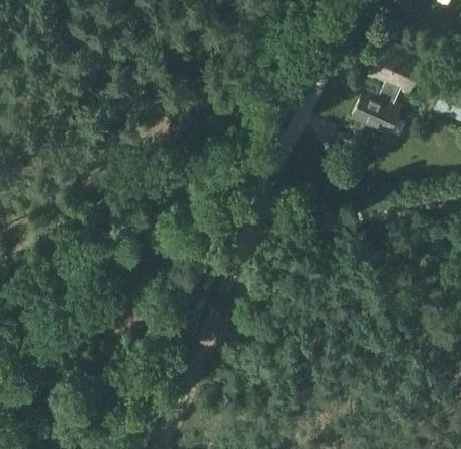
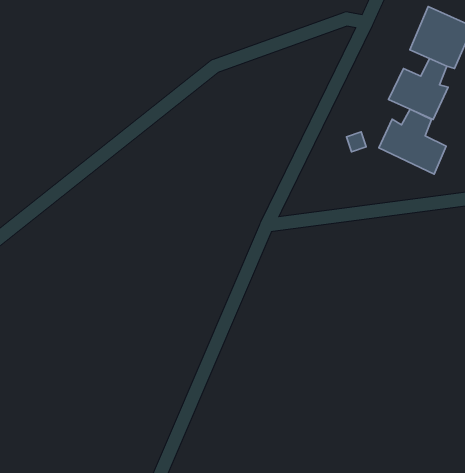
building: none -> [379,109,446,174]

